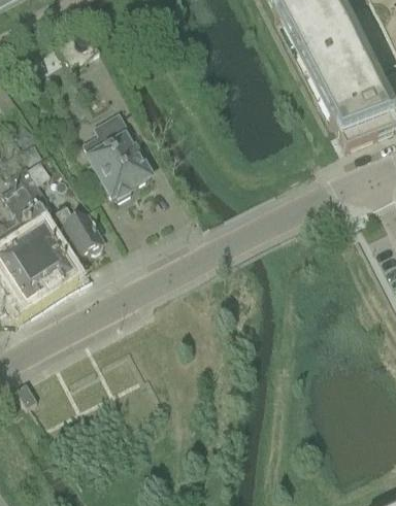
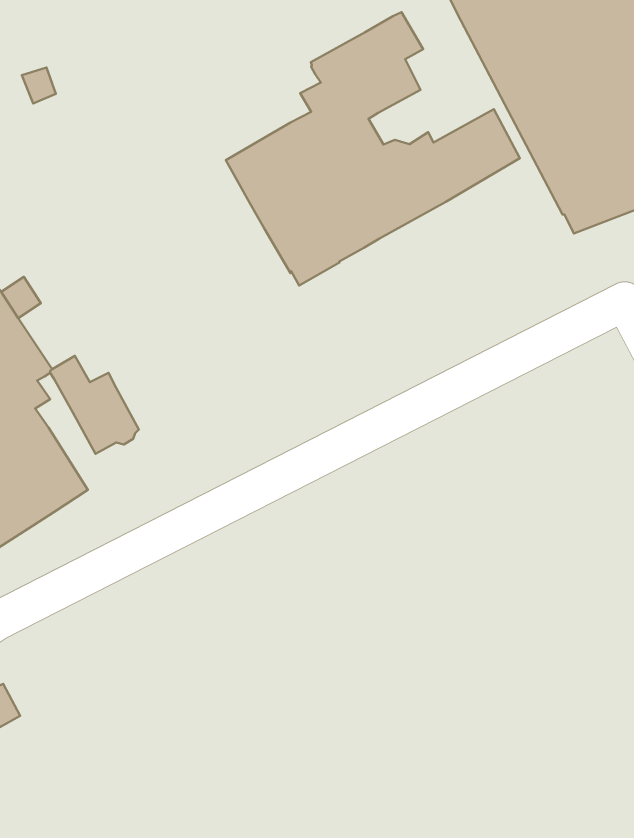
building: none -> [226,12,520,286]
building: [84,111,148,194] -> none

